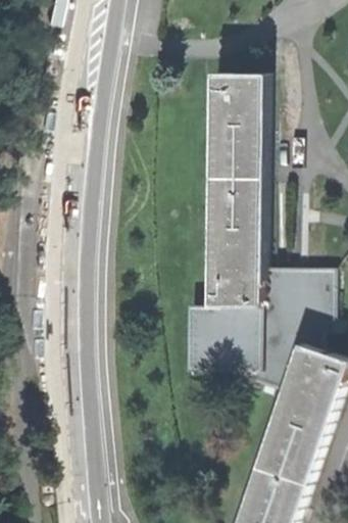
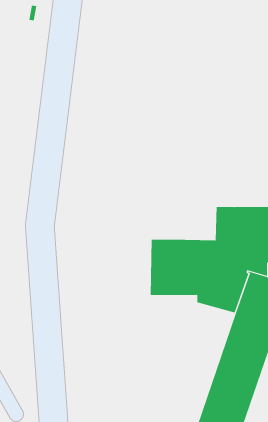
building: [206,73,260,306] -> none

